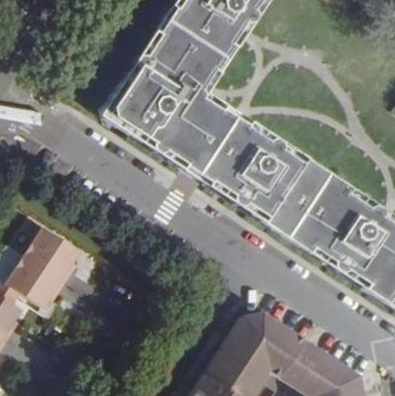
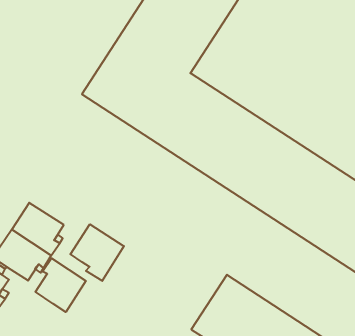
building: none -> [70,224,124,281]
building: none -> [35,258,86,312]

